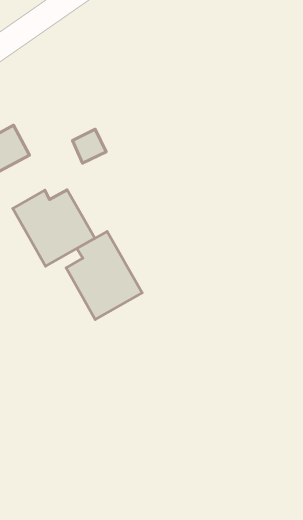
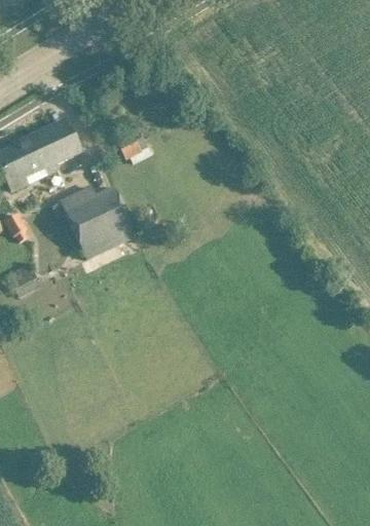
building: [66,231,142,320] -> none

